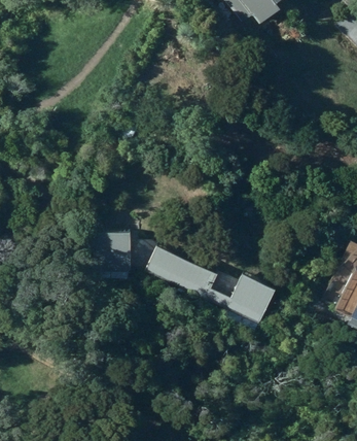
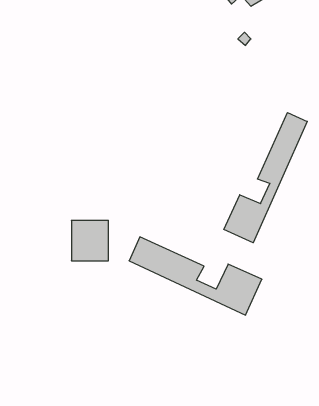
building: none -> [224,113,307,243]

